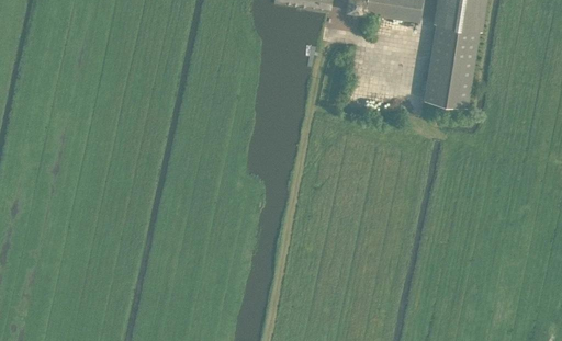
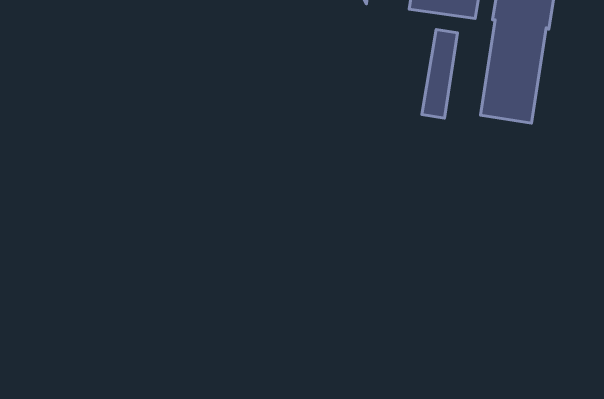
building: none -> [422,30,458,118]

